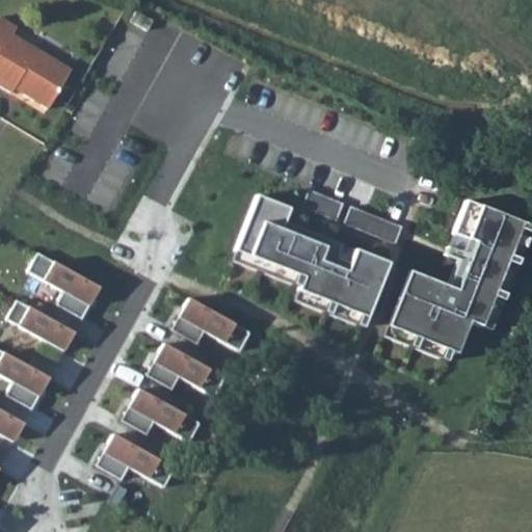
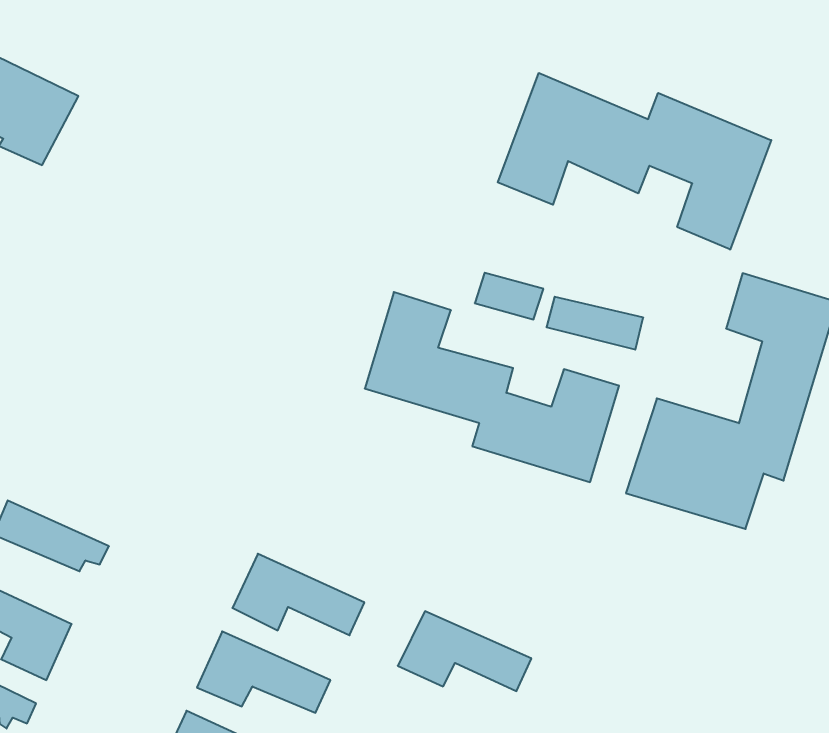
building: none -> [498,73,771,250]
building: [29,252,101,319] -> none
building: [171,299,251,351] -> [398,611,531,691]

